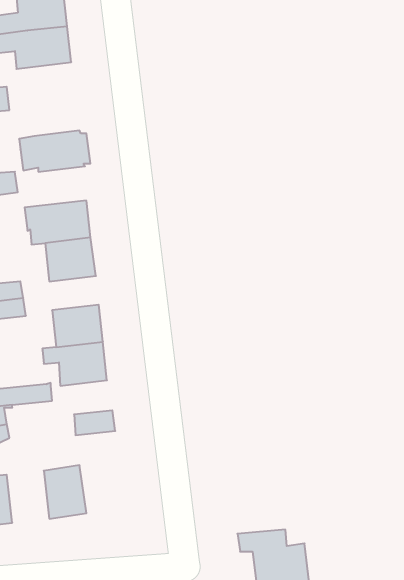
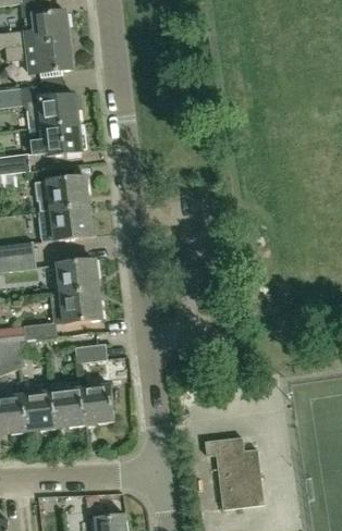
building: none -> [27,92,83,127]
building: none -> [78,383,113,424]
building: none -> [21,391,54,432]

